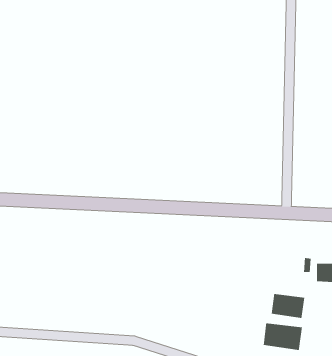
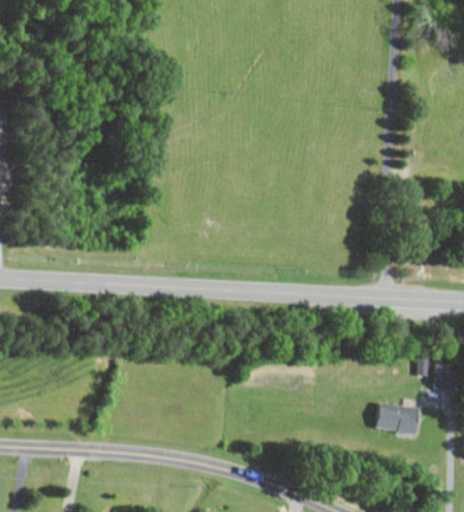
building: [263,323,302,351] -> none

